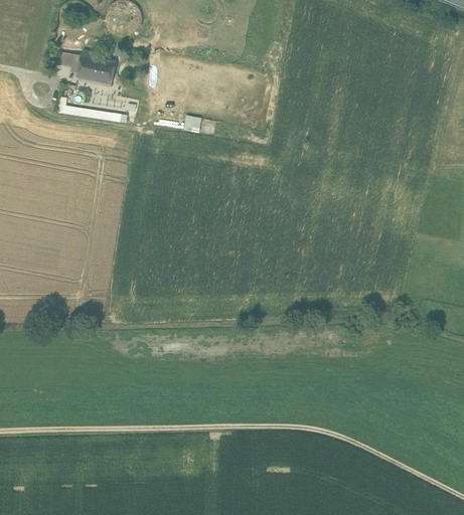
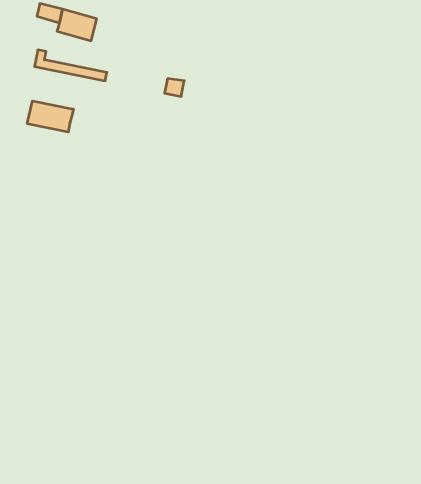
building: none -> [27,101,73,132]

